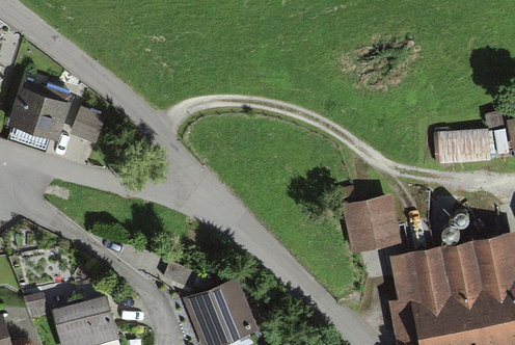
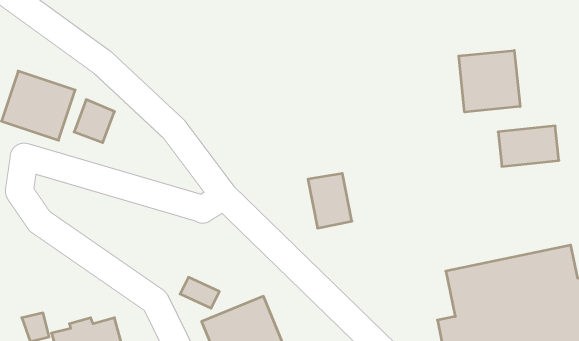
building: none -> [459,50,520,112]
building: [350,197,388,245] -> [308,173,352,228]

